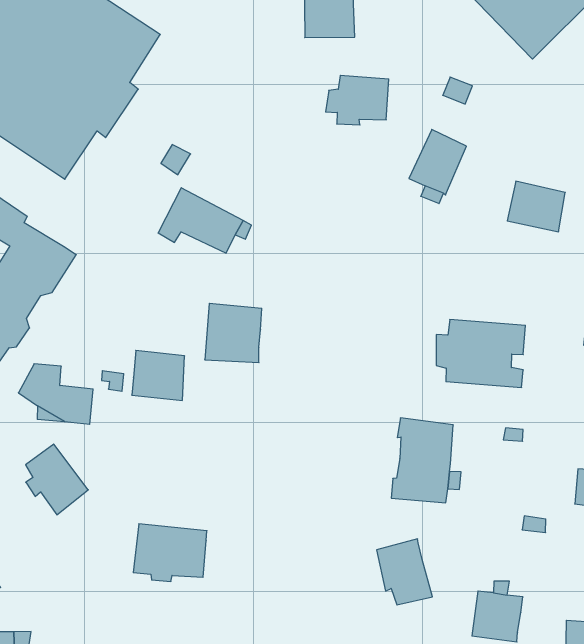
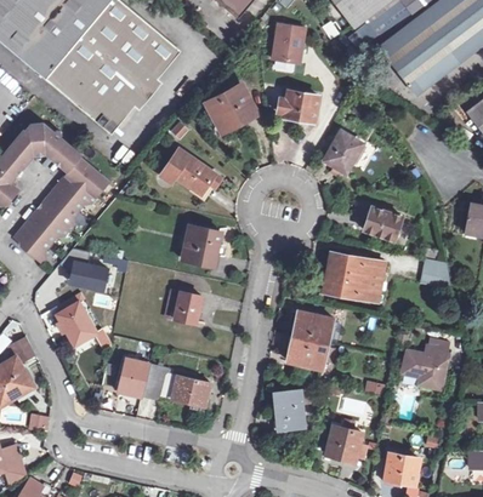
building: none -> [205,87,252,128]
building: [507,181,565,232] -> [363,207,402,242]
building: [132,350,185,400] -> [165,289,201,324]
building: none -> [163,373,211,406]

